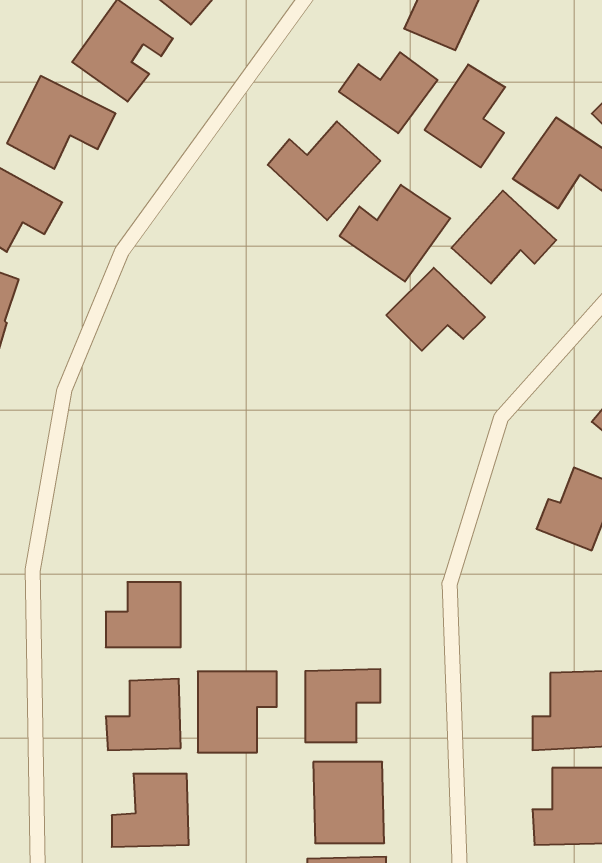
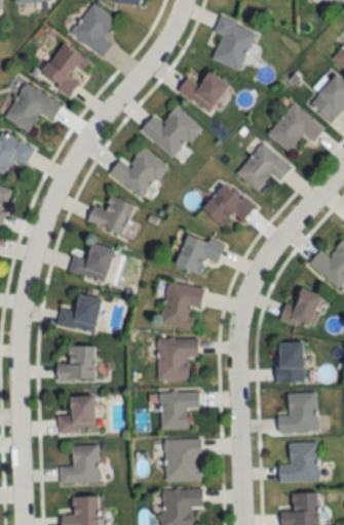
building: [425,64,505,167] -> none
building: [340,185,450,282] -> [109,148,166,198]
building: none -> [86,195,136,236]
building: none -> [176,232,224,274]
building: none -> [68,242,114,282]
building: none -> [161,282,202,328]
building: none -> [58,293,102,332]
building: none -> [276,342,304,382]
building: [198,671,277,752] -> [157,338,198,380]

